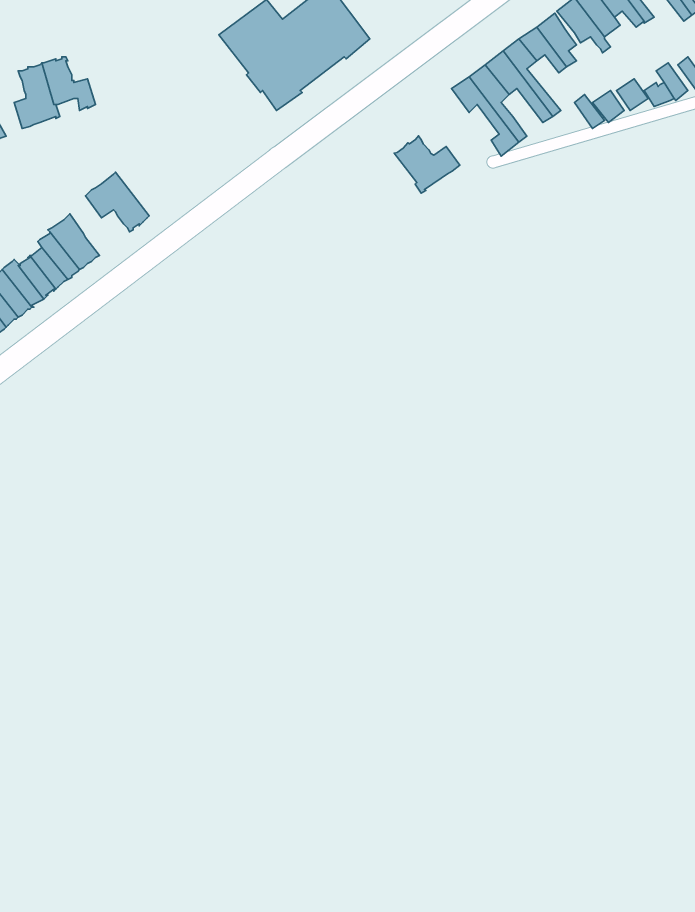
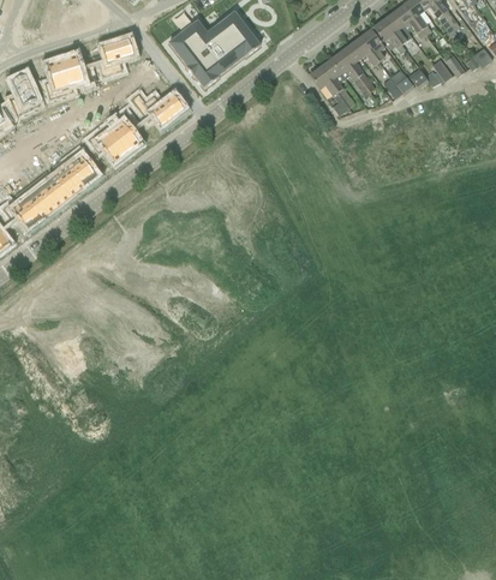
building: none -> [97,37,133,74]
building: none -> [131,92,184,124]
building: [394,136,460,193] -> none
building: none -> [106,109,138,150]

